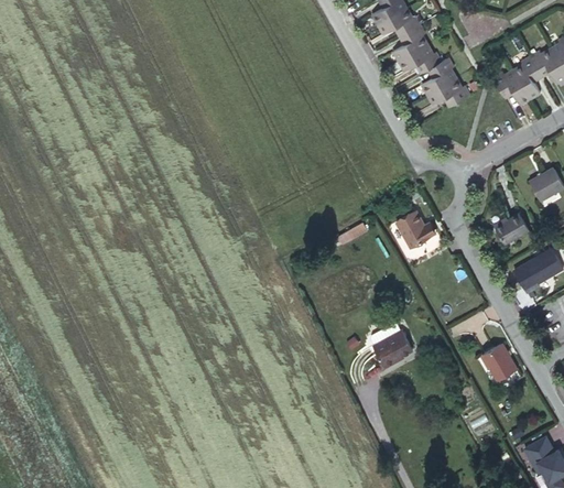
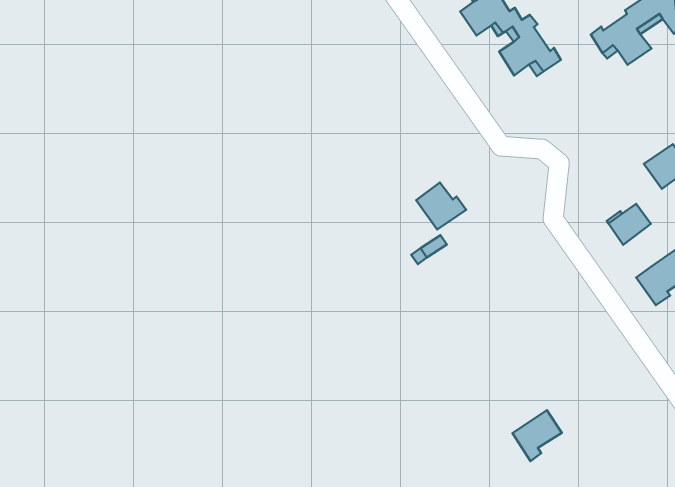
building: [394,210,433,247] -> [416,183,466,229]
building: [372,330,411,369] -> [512,410,562,461]
building: [480,344,516,380] -> none

